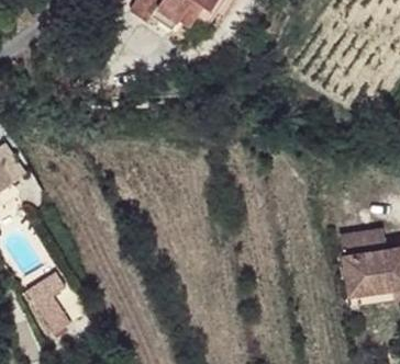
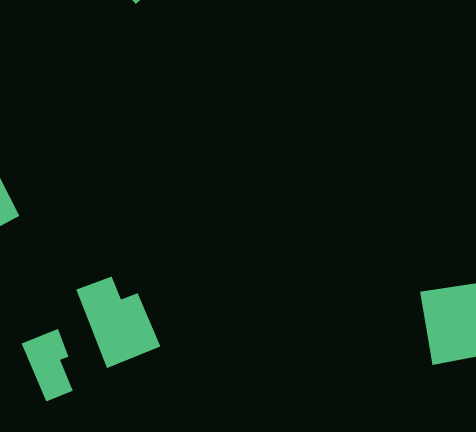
building: none -> [75,275,162,369]

